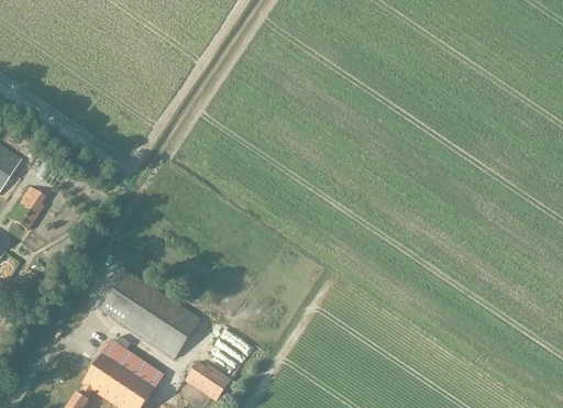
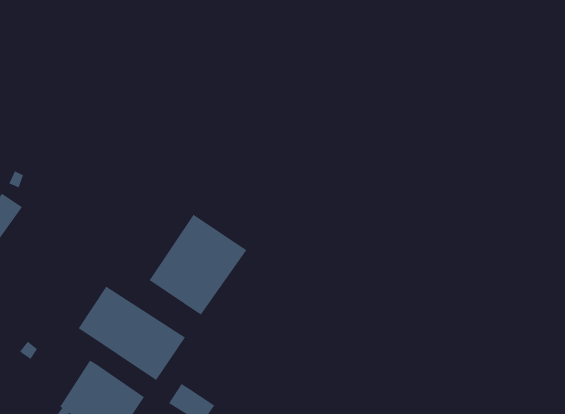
building: none -> [149,214,247,315]

